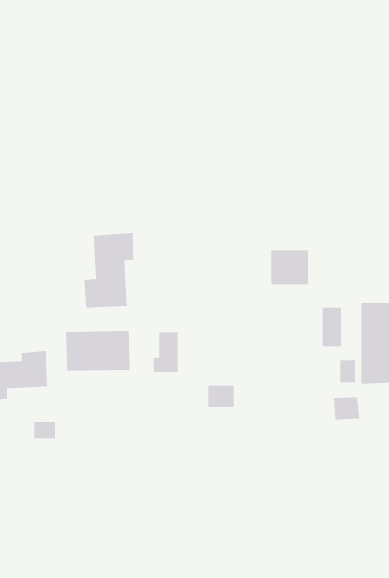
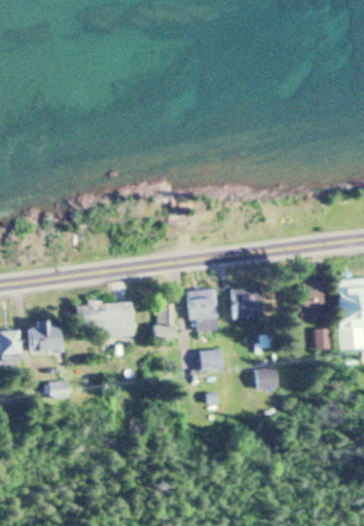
building: [84,232,134,308] -> none
building: [270,250,309,285] -> [231,288,265,318]
building: none -> [188,289,221,331]
building: [333,397,360,420] -> [258,368,282,388]

